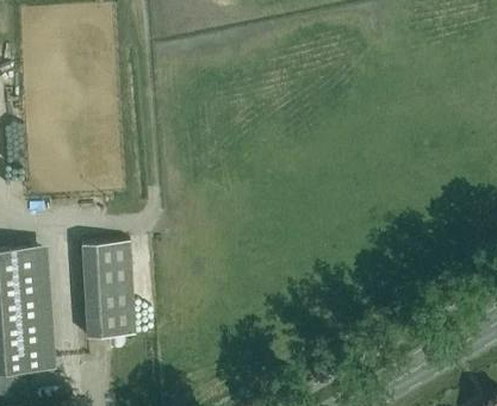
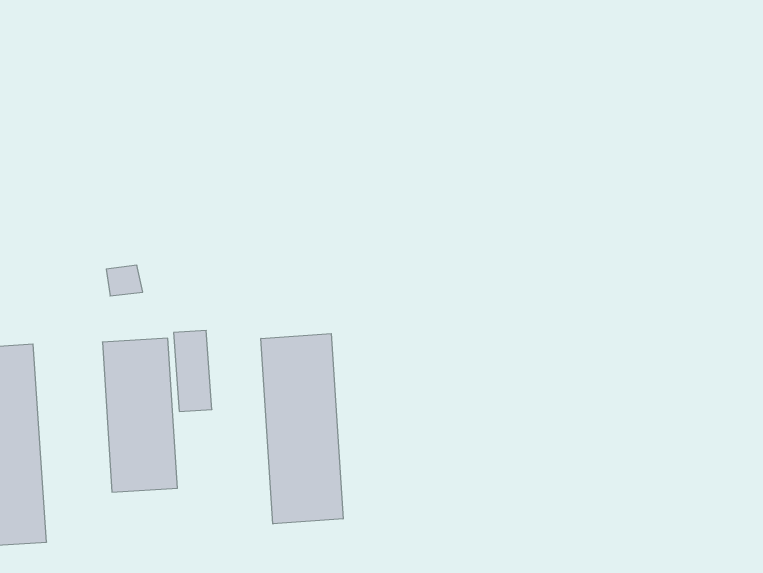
building: none -> [261,334,343,524]

